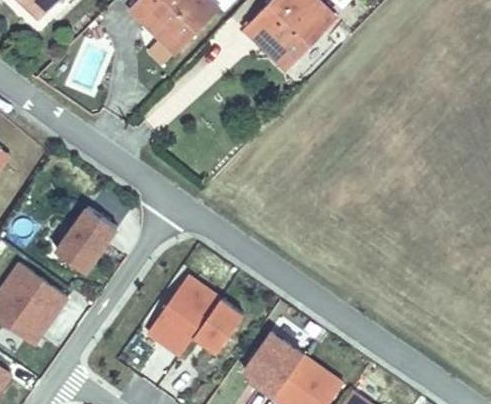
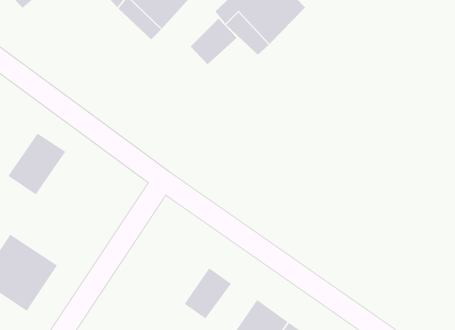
building: none -> [190,18,238,65]
building: [54,208,115,273] -> [7,133,66,195]
building: [151,276,224,356] -> none

